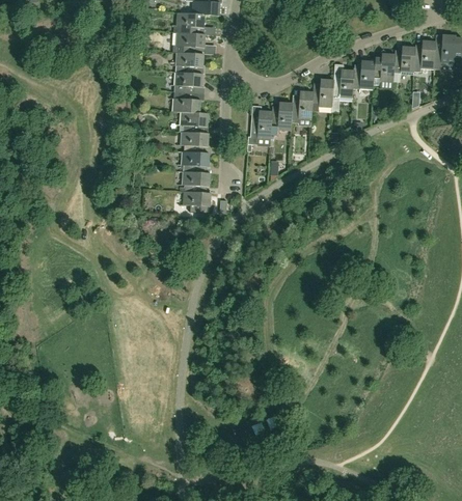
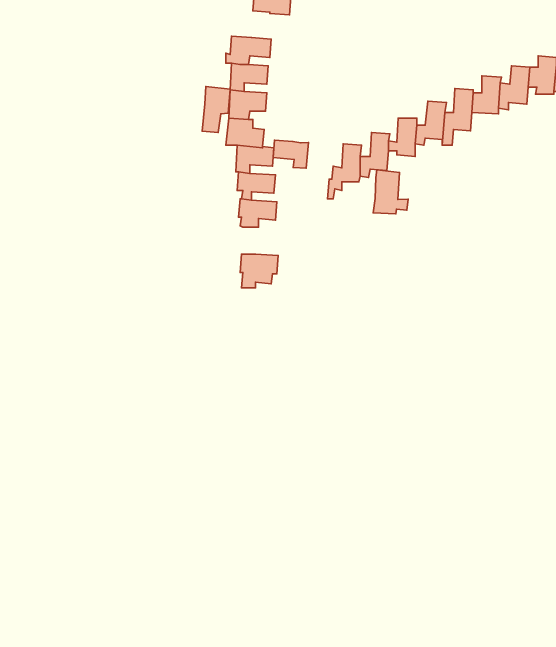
building: [173,10,205,31] -> none
building: none -> [202,87,230,132]
building: none -> [273,140,309,168]
building: none -> [373,170,408,214]
building: [180,169,211,190] -> none

